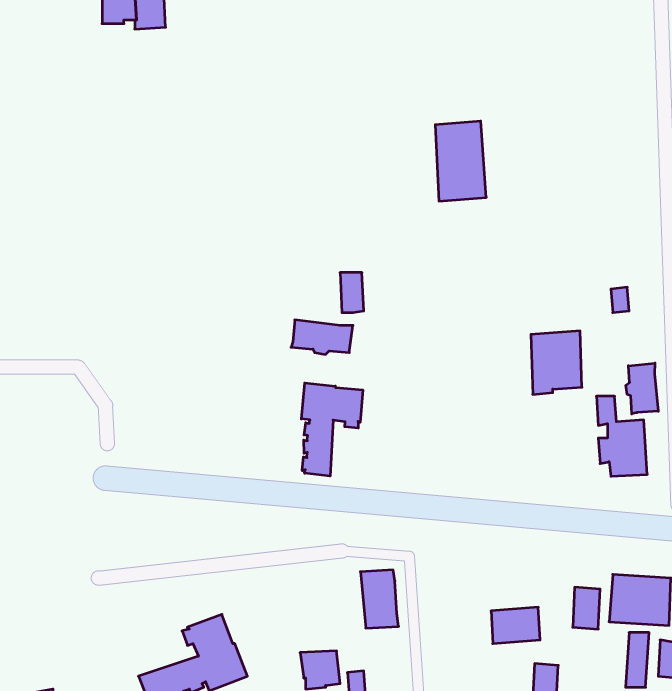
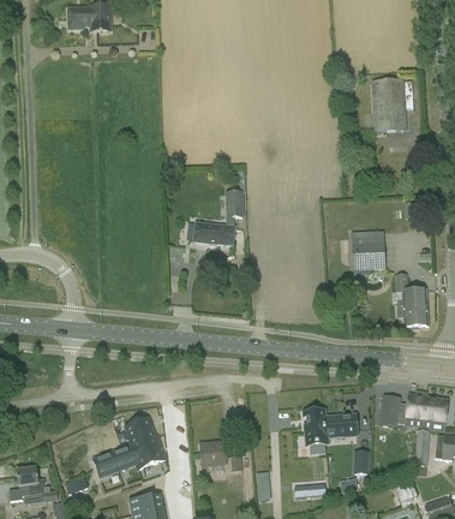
building: [435,121,486,201] -> [372,78,406,131]
building: [626,363,658,414] -> none
building: [301,383,363,476] -> none
building: [360,570,399,628] -> [303,407,328,446]

